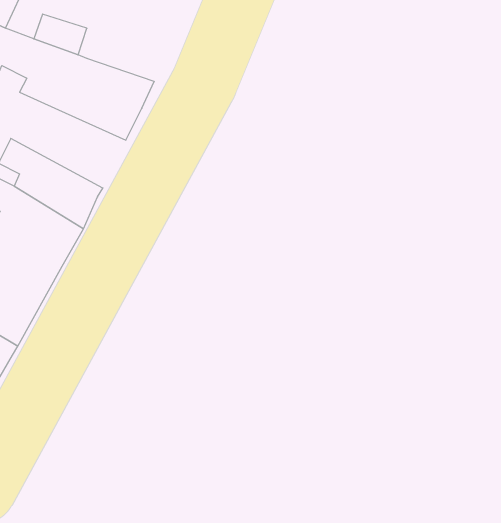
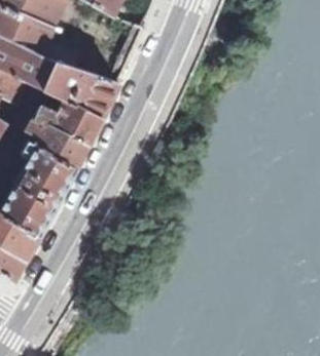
building: none -> [35,98,102,144]

